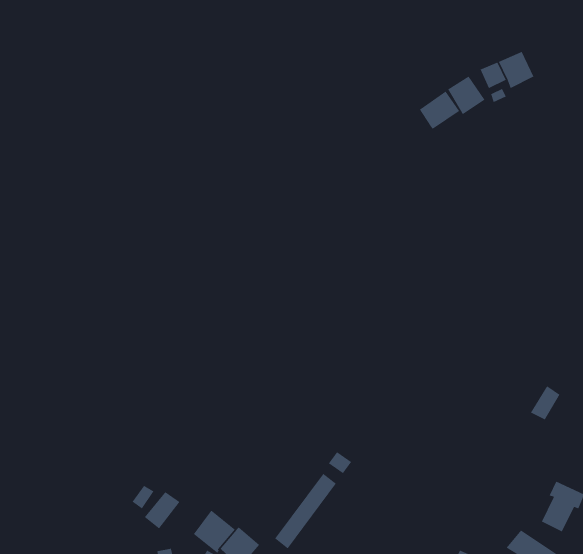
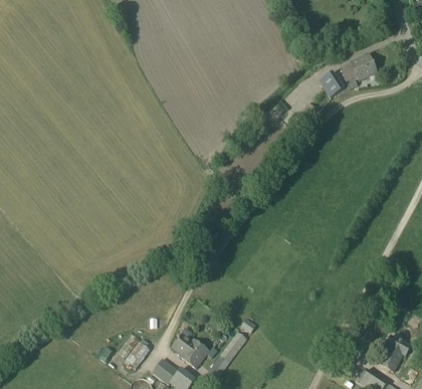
building: [418,90,460,130] -> none
building: none -> [173,333,208,367]

